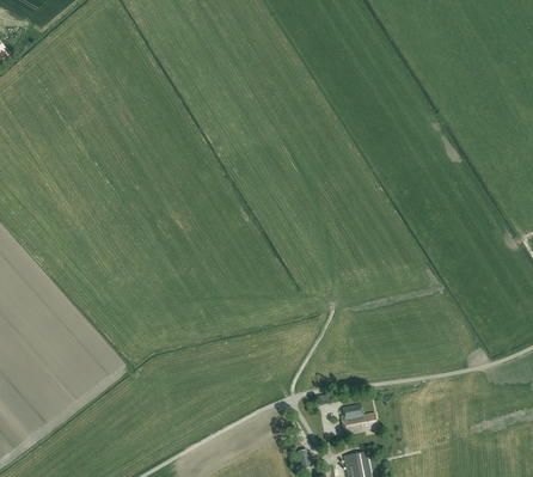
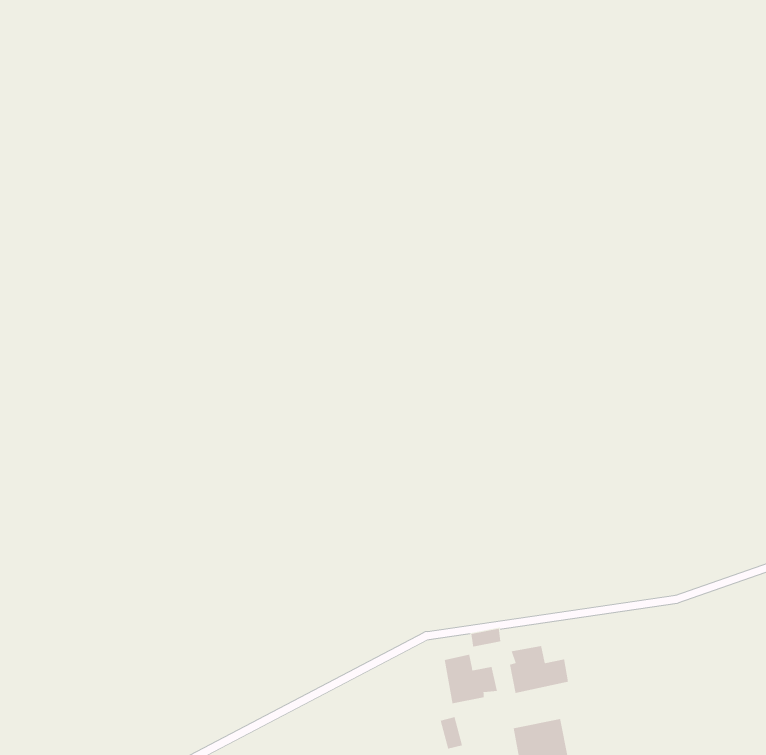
building: none -> [444,654,497,704]

